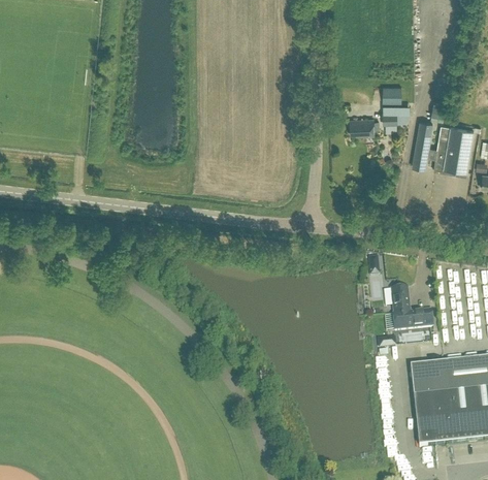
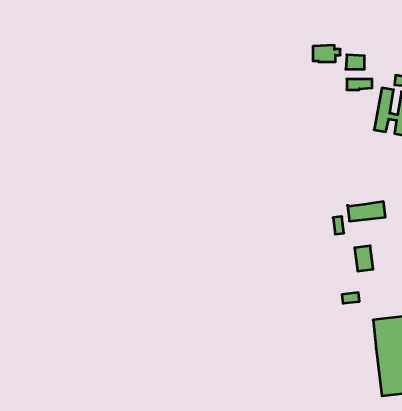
building: [350,117,379,134] -> [313,45,340,62]
building: [393,309,433,329] -> [347,202,385,221]

